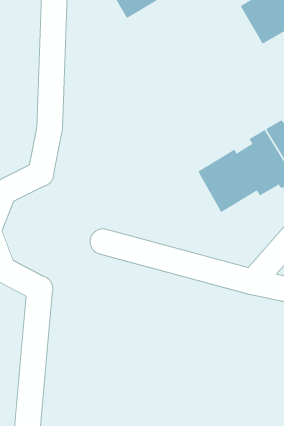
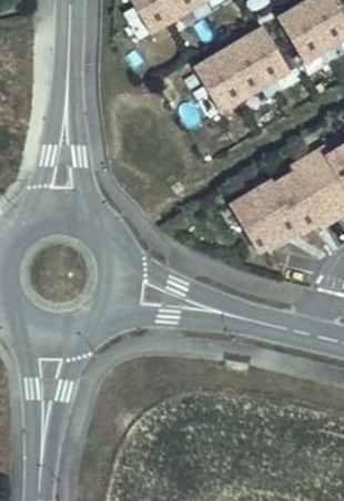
building: none -> [193,24,290,111]

